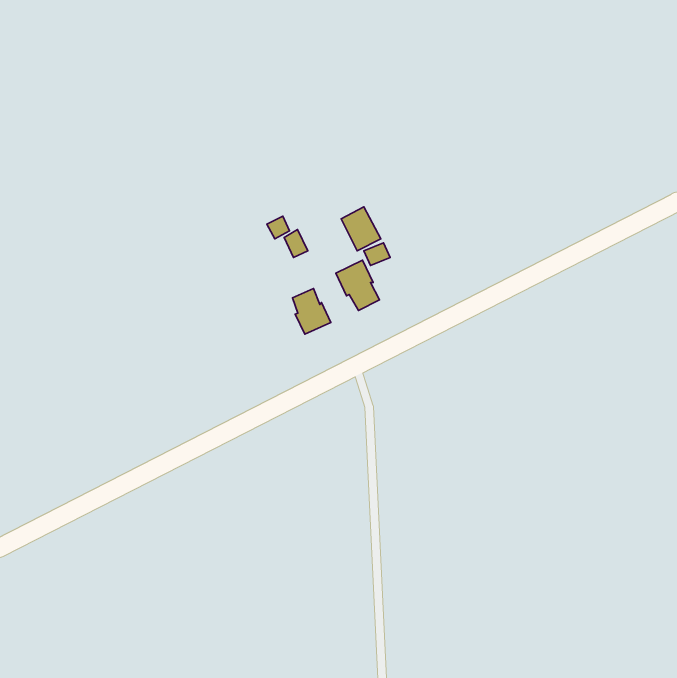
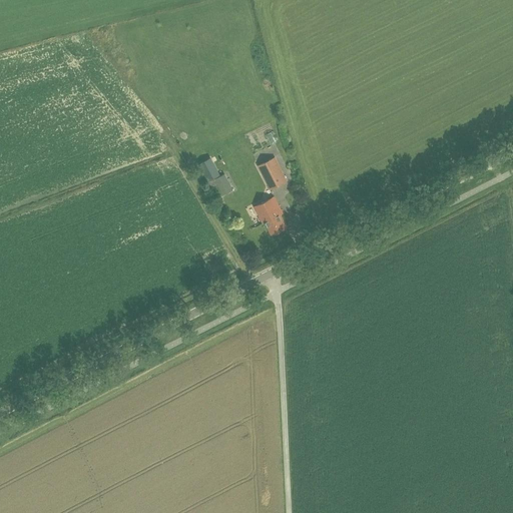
building: [292,288,331,334] -> none

